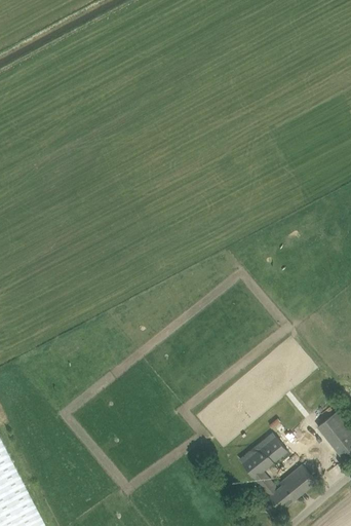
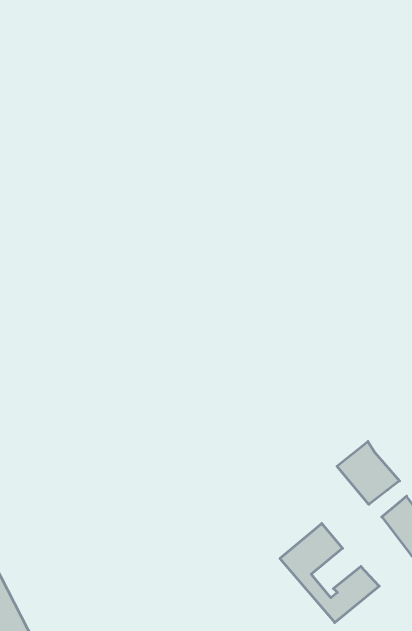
building: none -> [337,441,400,504]

